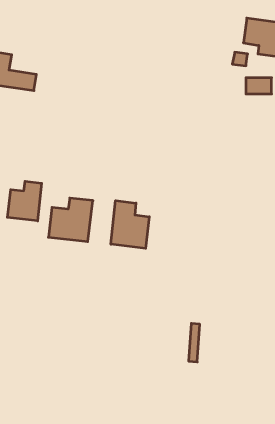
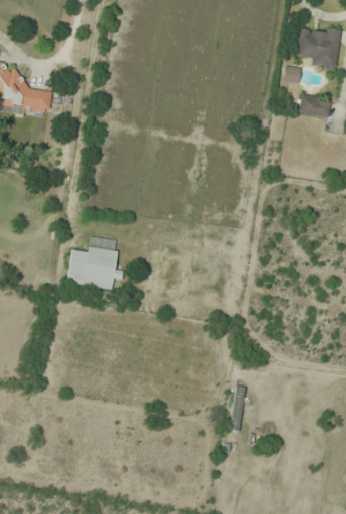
building: [7,181,42,221] -> none
building: [111,201,149,248] -> none

